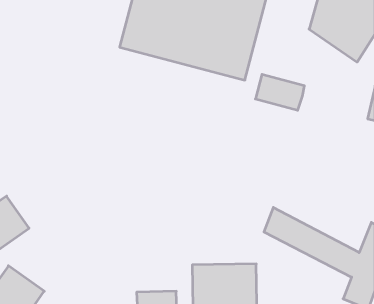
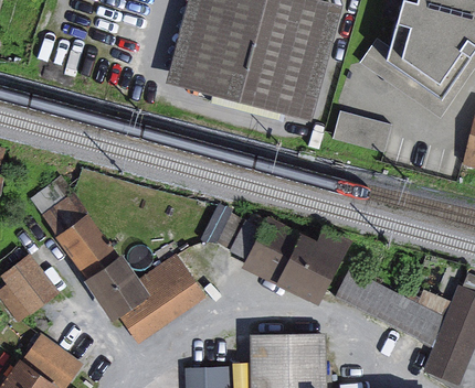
building: none -> [45,197,201,342]
building: none -> [243,217,351,304]

